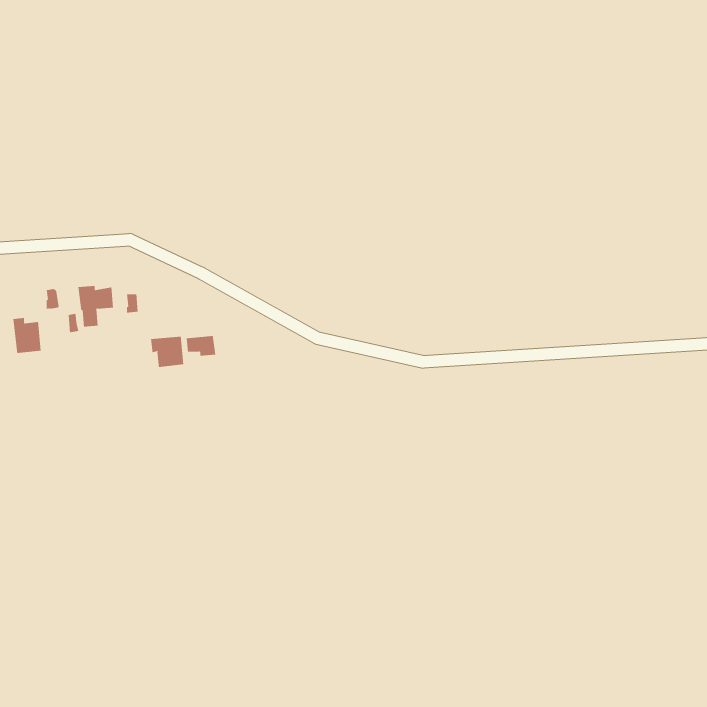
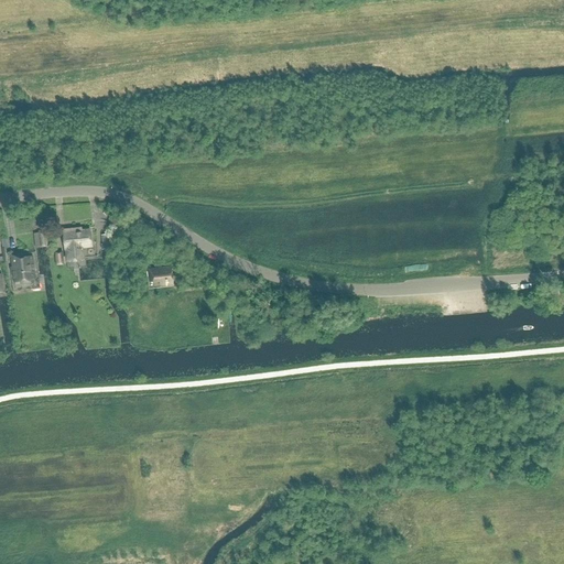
building: [151,336,184,368] -> none

